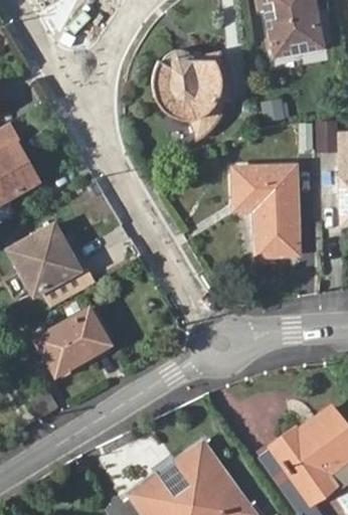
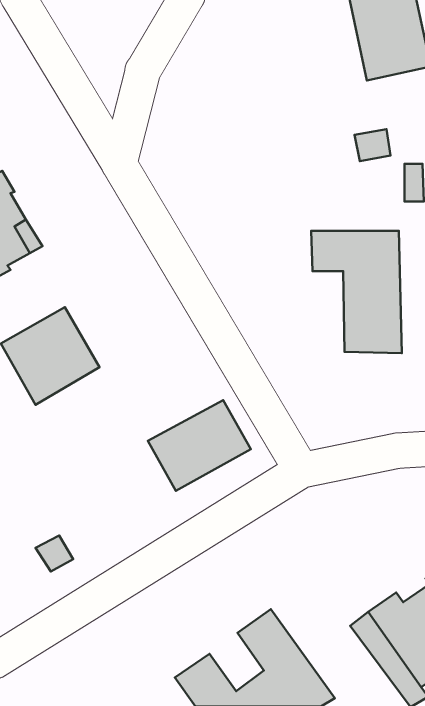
building: [156,52,236,141] -> none
building: [35,309,110,374] -> [148,400,251,491]

